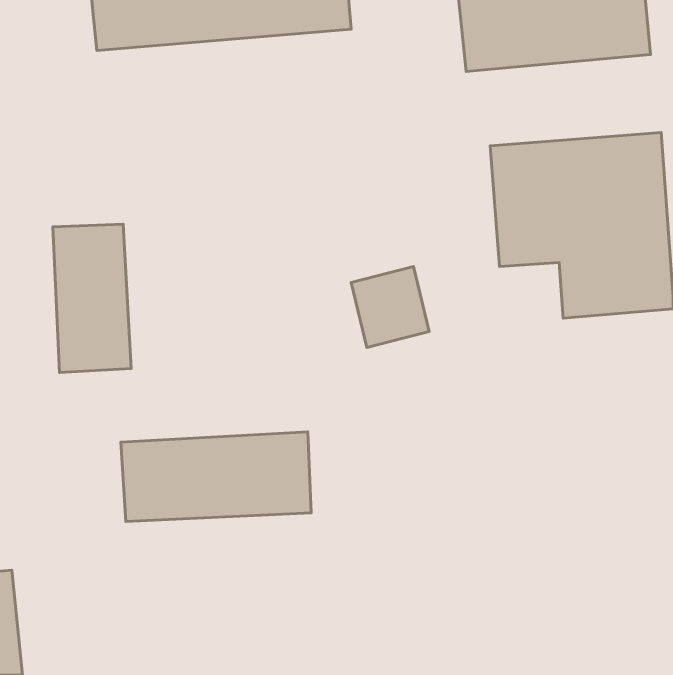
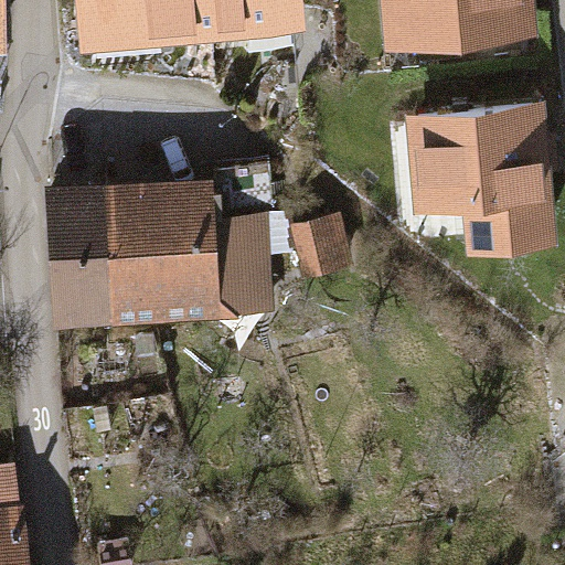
building: none -> [103,180,270,307]
building: [121,432,311,521] -> none

